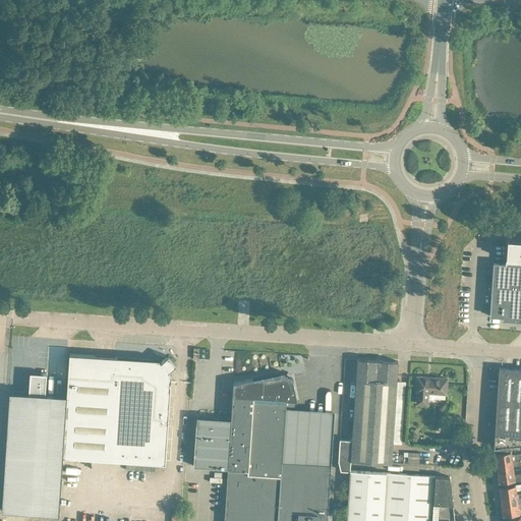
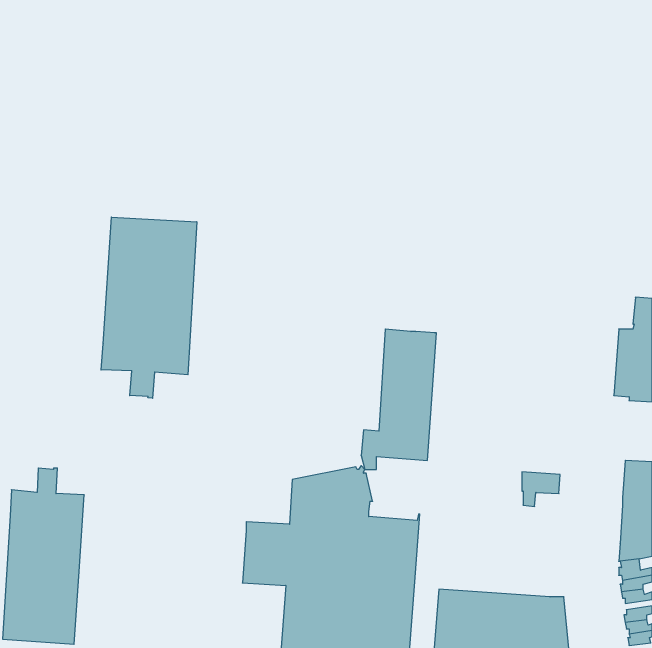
building: none -> [101,217,197,398]
building: [63,356,176,466] -> none
building: [338,361,398,473] -> [361,329,436,469]

